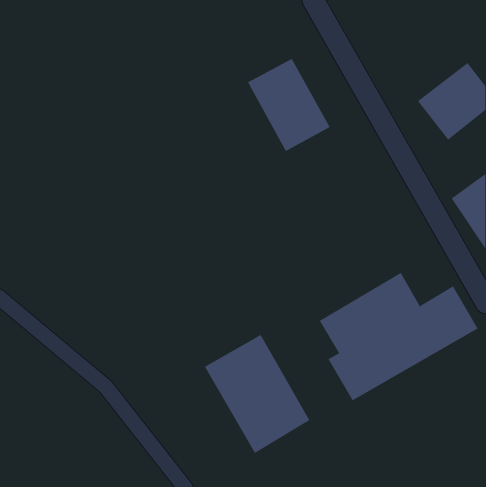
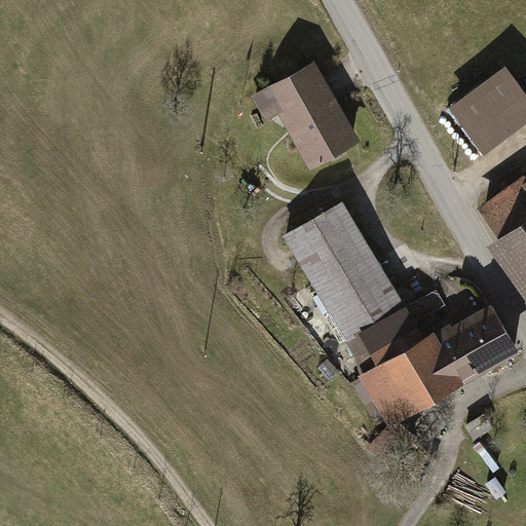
building: none -> [285,201,400,335]
building: [204,334,310,454] -> none

